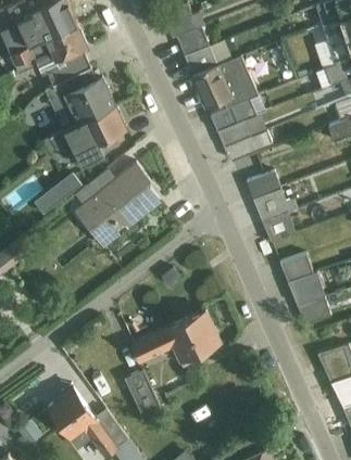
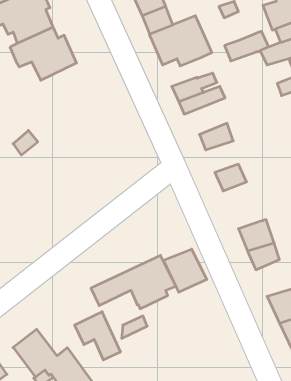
building: [211,100,258,131] -> [225,31,269,61]
building: [46,106,127,165] -> none
building: [75,163,160,243] -> none
building: [253,189,291,222] -> none
building: [280,253,314,282] -> none
building: none -> [164,249,207,292]

